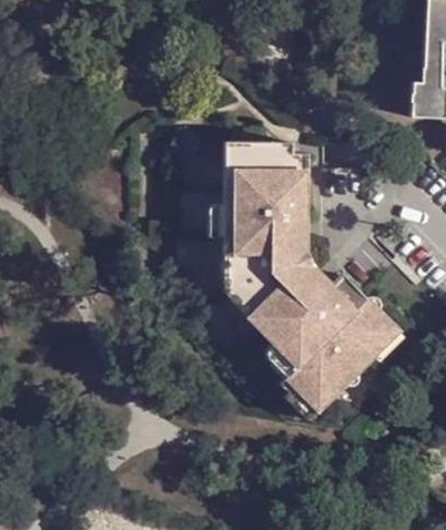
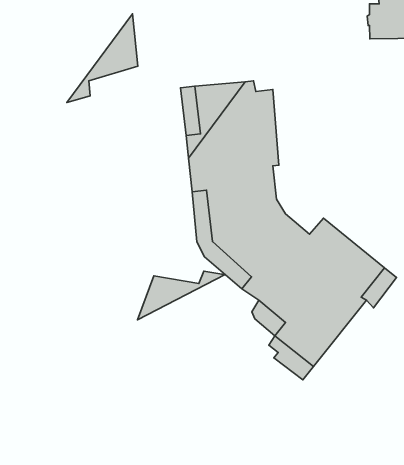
building: none -> [67,14,138,103]
building: none -> [137,271,225,320]

